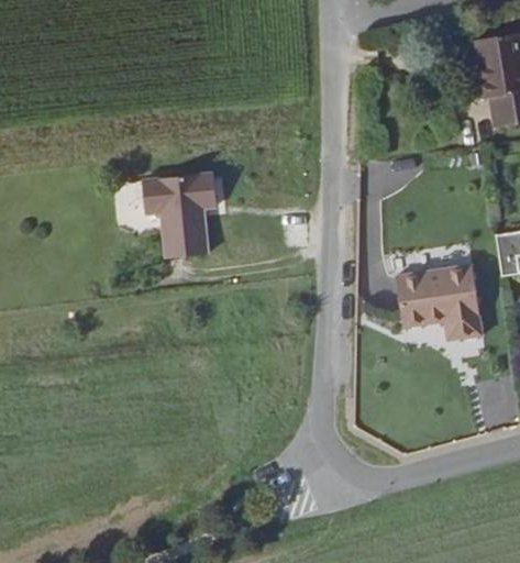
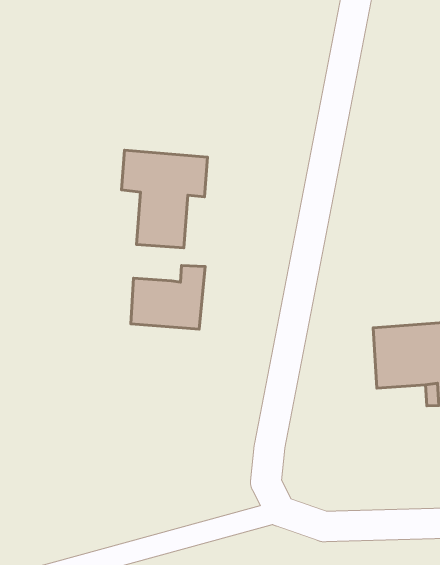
building: none -> [131,265,205,329]

